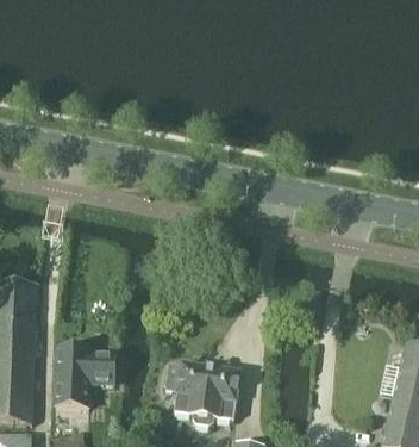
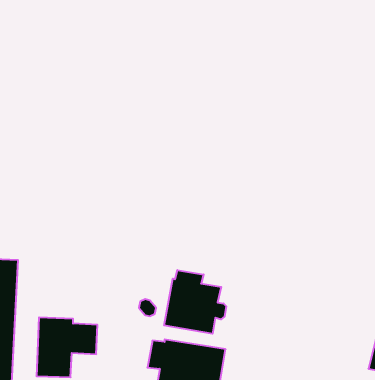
building: none -> [164,270,226,334]

